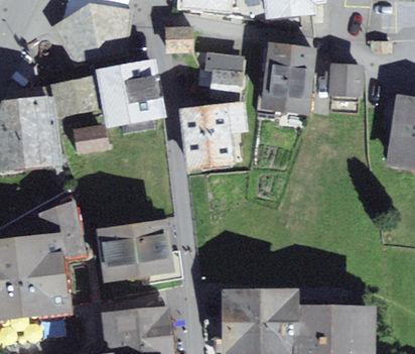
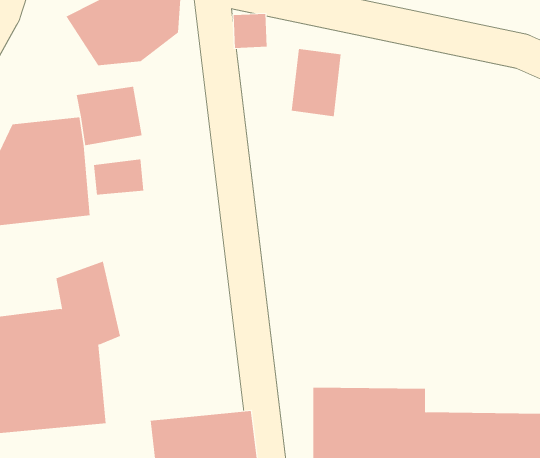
building: [255,45,307,113] -> none
building: [100,61,157,128] -> none
building: [324,64,357,96] -> none
building: [176,103,247,171] -> none
building: [93,221,166,283] -> none

